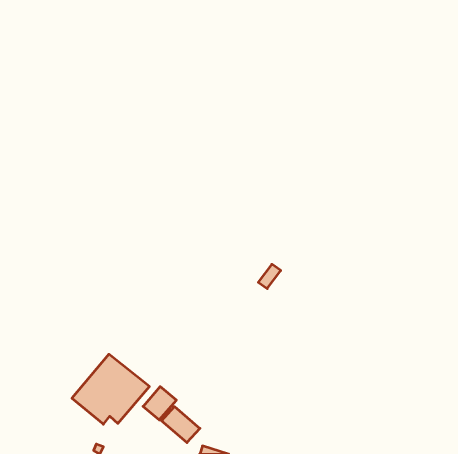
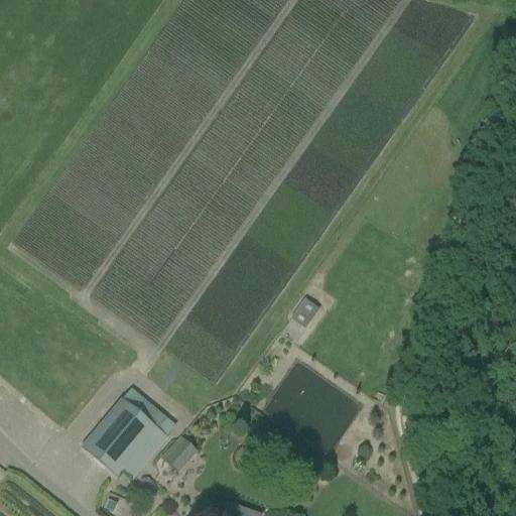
building: [162,407,200,443] -> none

